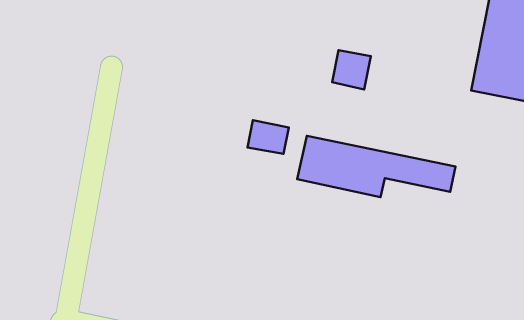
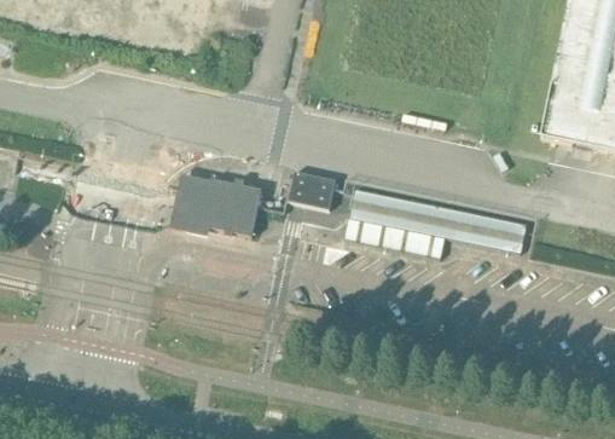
building: [332,50,371,90] -> none
building: none -> [170,173,261,236]

